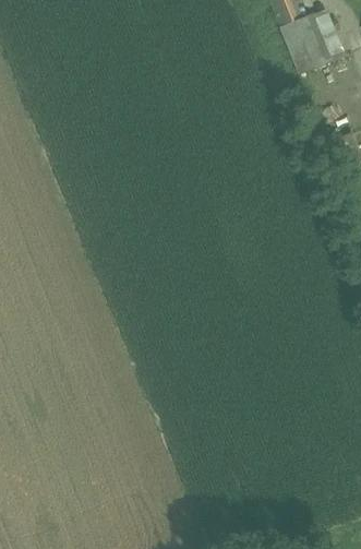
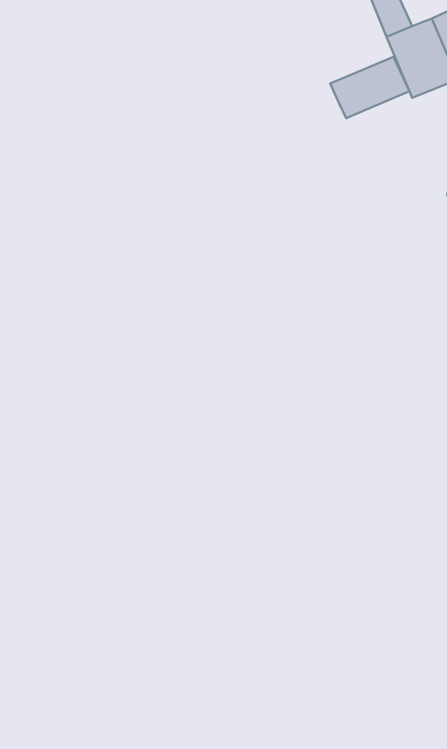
building: none -> [330,57,409,118]

